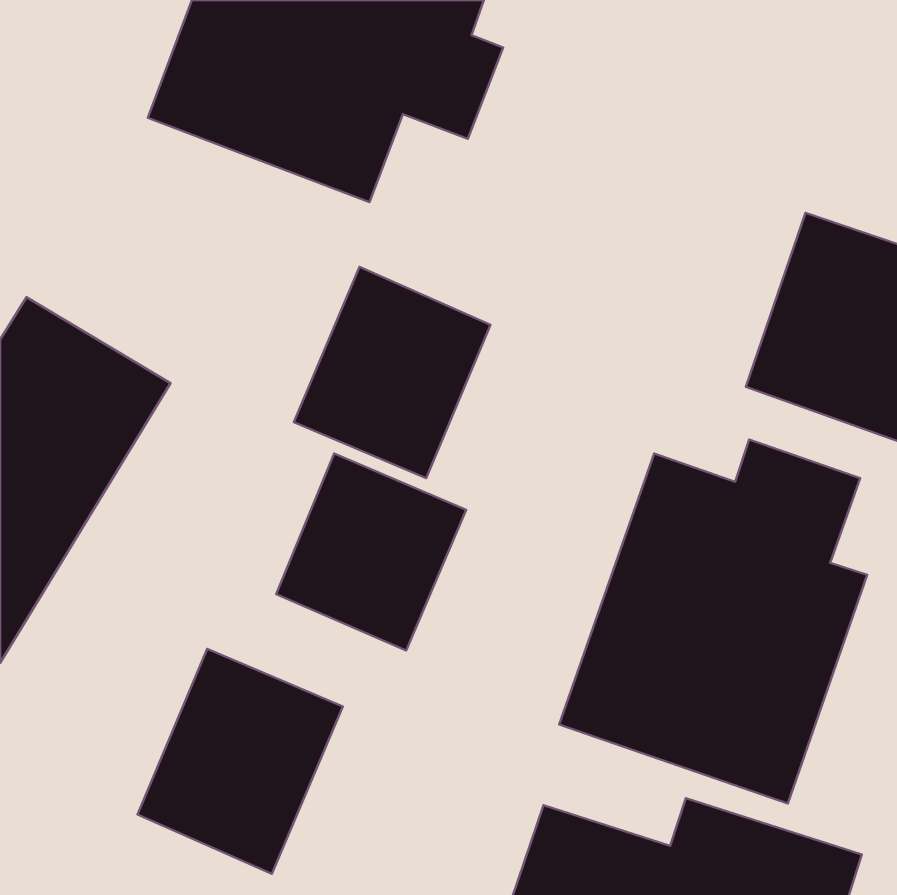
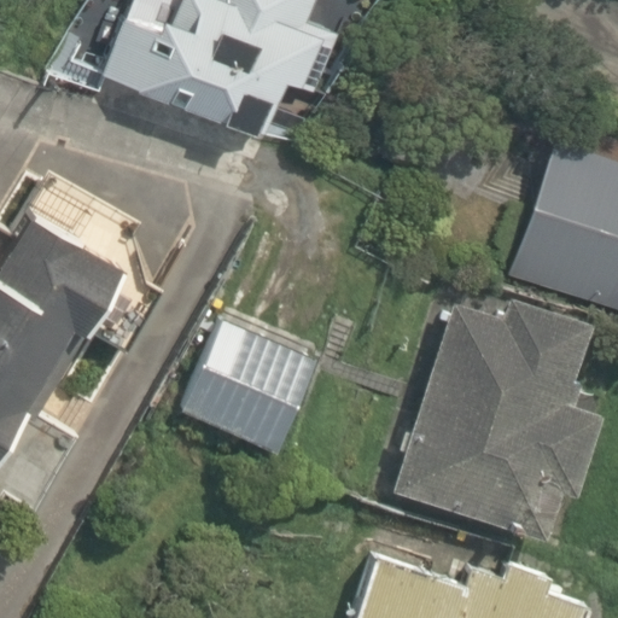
building: [294,267,490,478] -> none
building: [138,649,343,874] -> none

